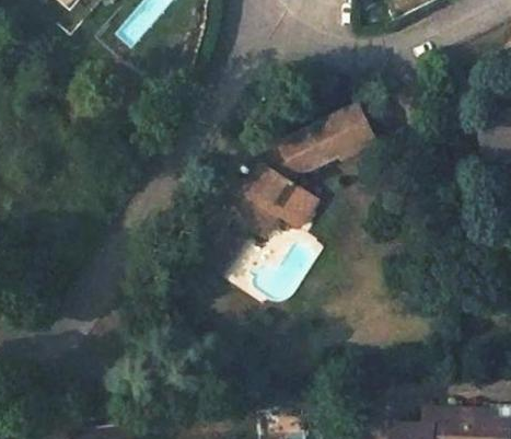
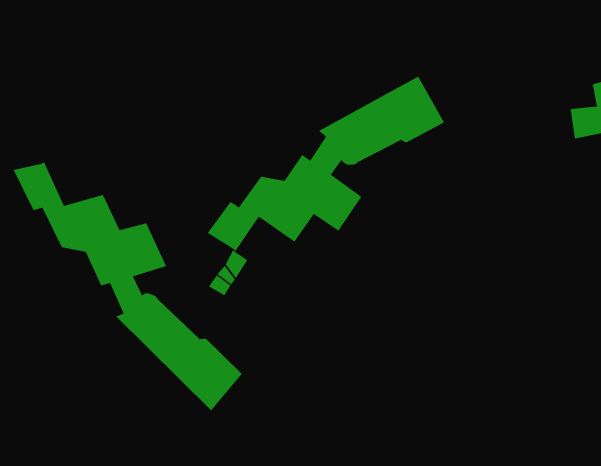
building: none -> [13,161,243,411]

